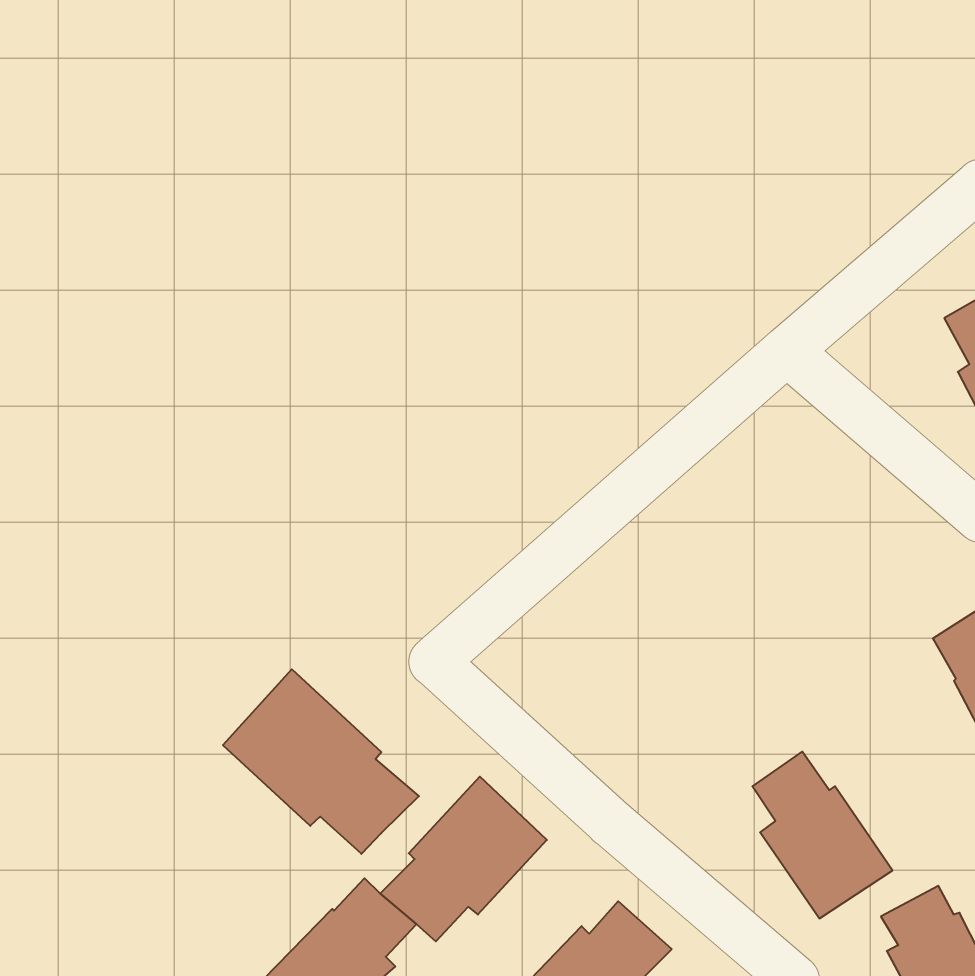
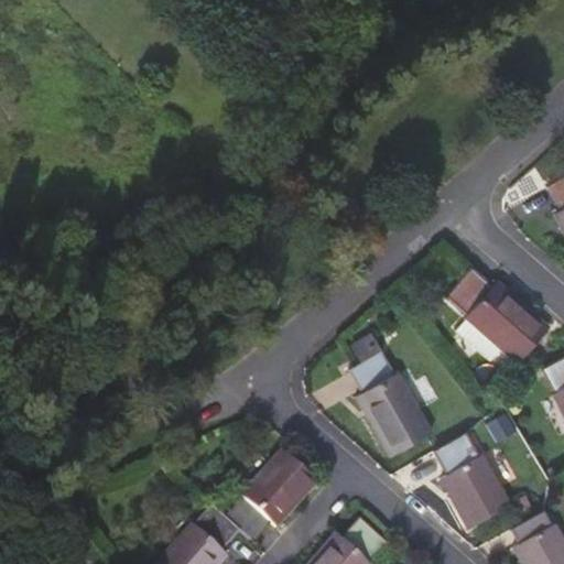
building: none -> [447,268,550,362]
building: none -> [346,350,434,457]
building: [223,669,419,854] -> none

